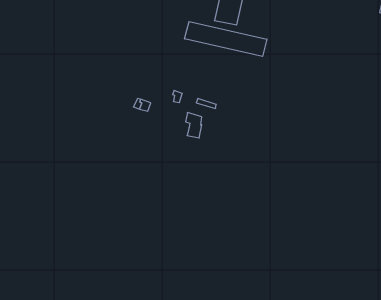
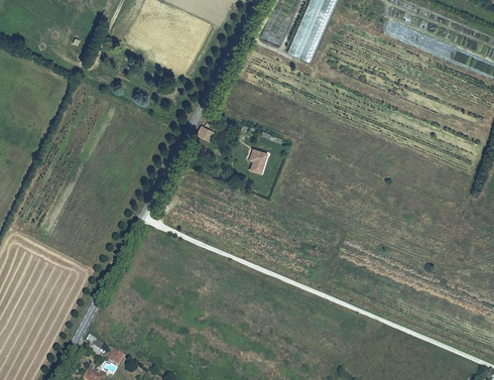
building: [185,22,267,56] -> none

